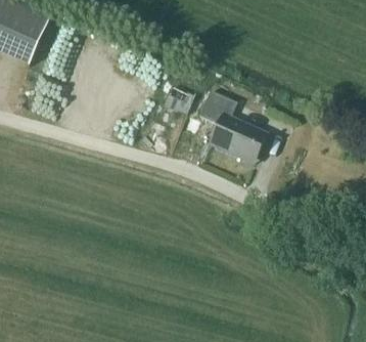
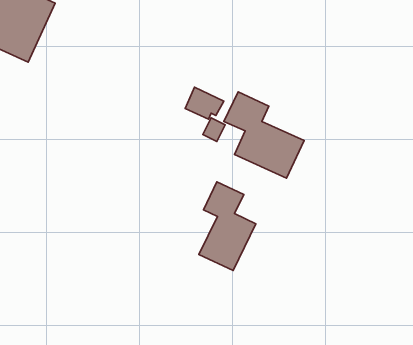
building: none -> [199,182,256,271]

